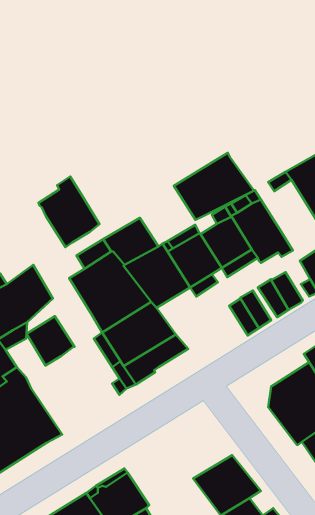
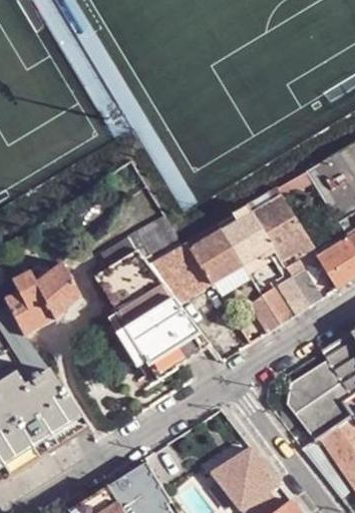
building: [174,153,254,220] -> none
building: [39,176,100,247] -> none
building: [26,316,75,365] -> none

